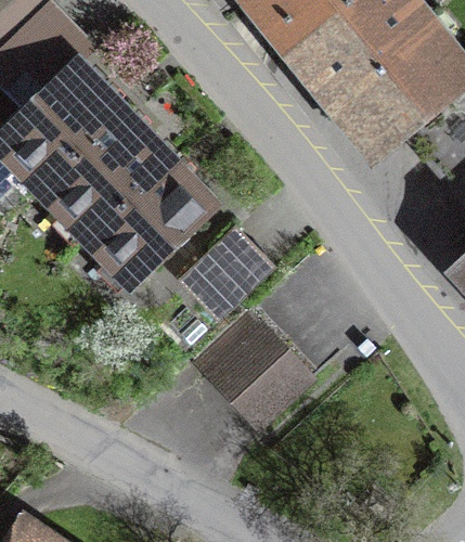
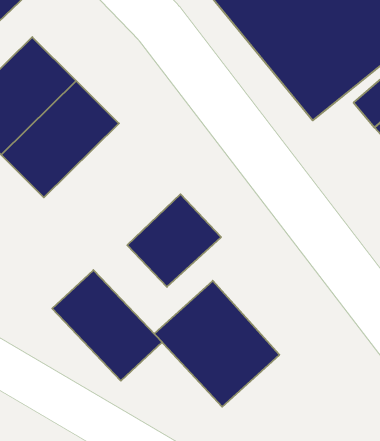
building: [83,157,216,288] -> none
building: none -> [52,270,162,381]

